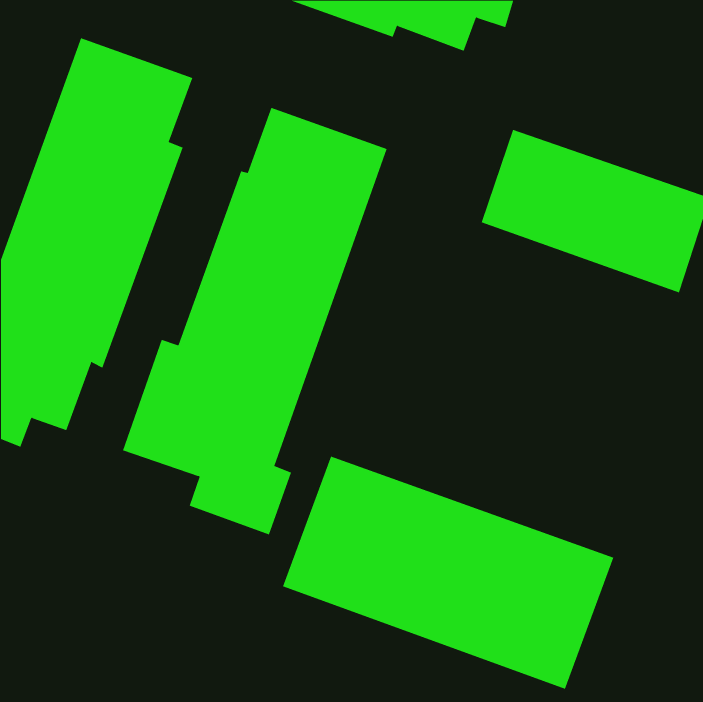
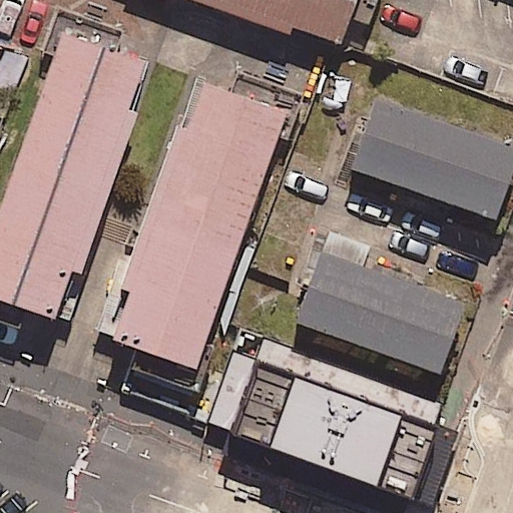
building: none -> [298,232,465,371]

